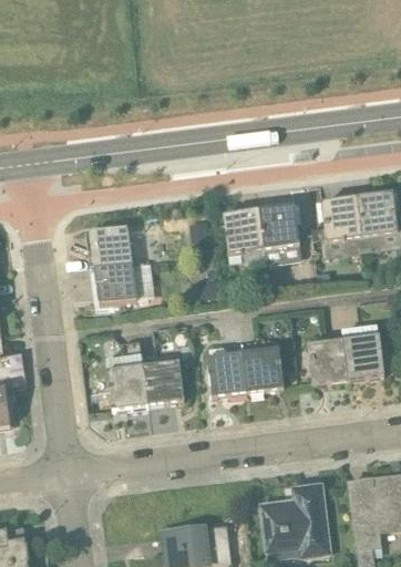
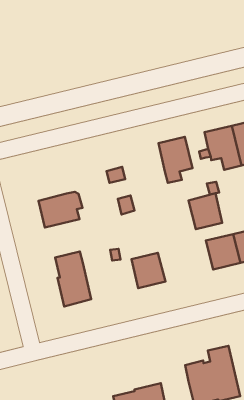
building: [223,210,264,252] -> none
building: [90,227,132,268] -> none
building: [243,348,284,392] -> [188,193,222,229]
building: [143,351,184,404] -> none

